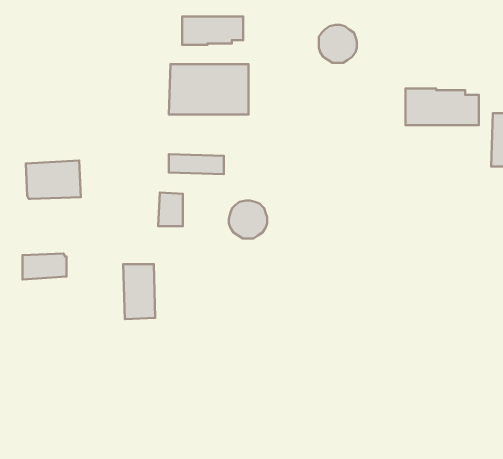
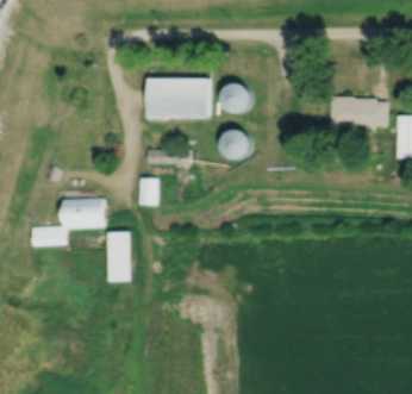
building: [182,17,243,45] -> none
building: [319,25,357,63] -> [220,82,250,112]
building: [26,161,81,199] -> [62,198,105,227]
building: [229,200,267,239] -> [220,129,250,158]

